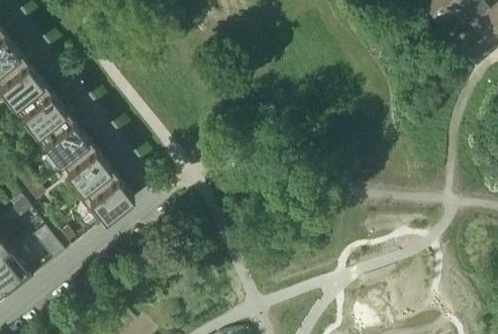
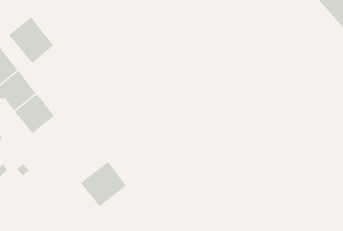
building: none -> [8,16,55,64]
building: [75,168,133,225] -> [80,161,127,207]

